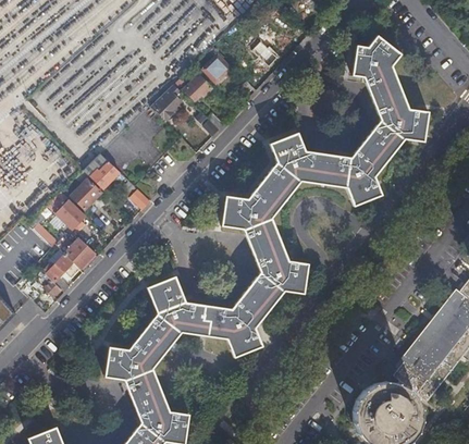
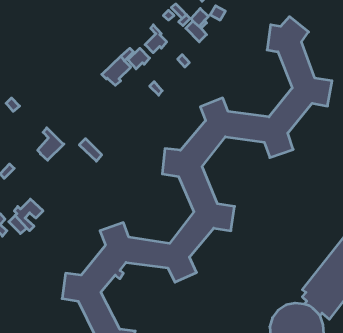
building: [85,155,120,188] -> none
building: [58,200,87,229] -> none
building: [61,239,96,270] -> none

